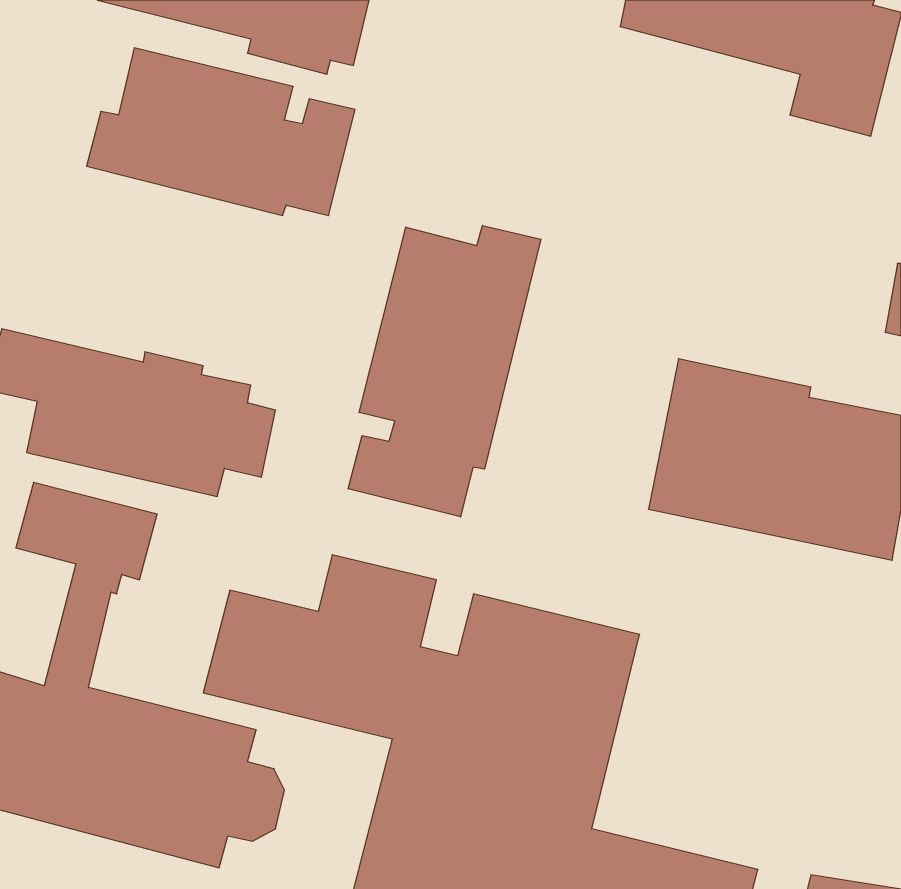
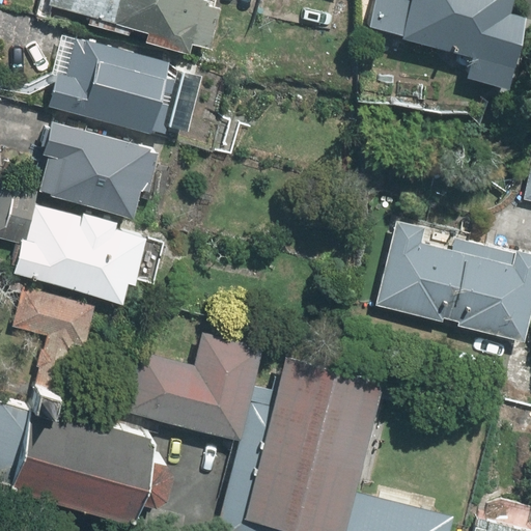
building: none -> [40,123,160,216]
building: [348,225,541,517] -> none

